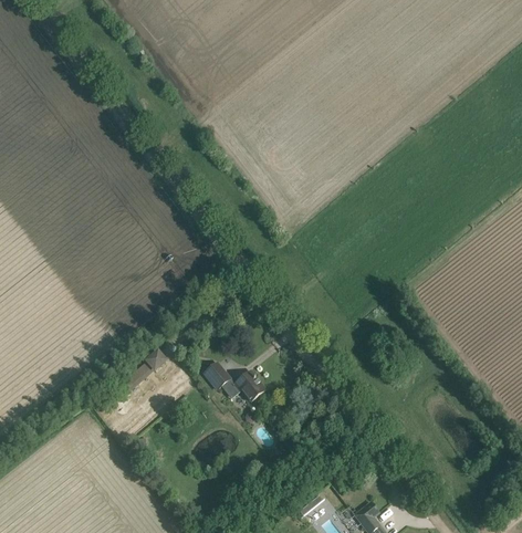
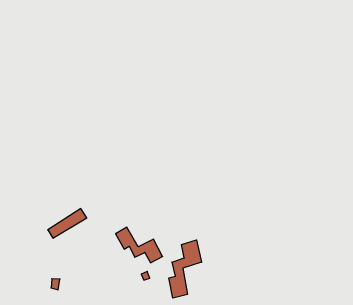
building: none -> [169,240,202,298]

